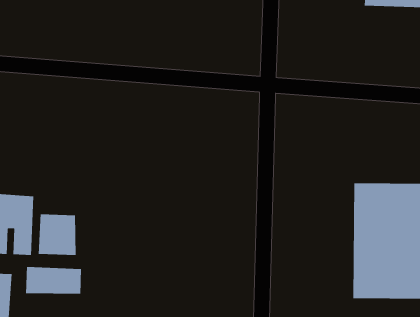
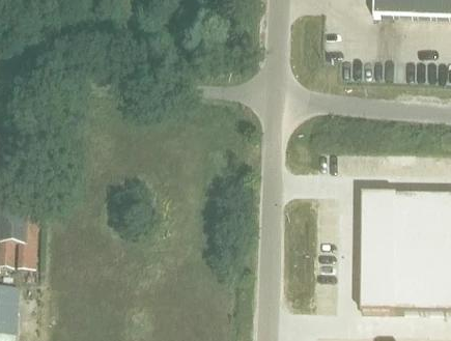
building: [38,214,76,256] -> none
building: [26,266,82,294] -> none

